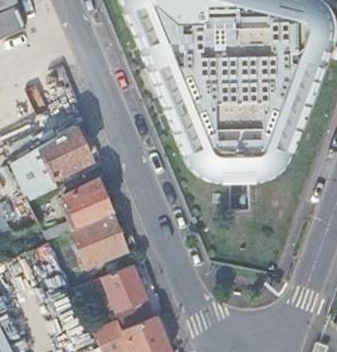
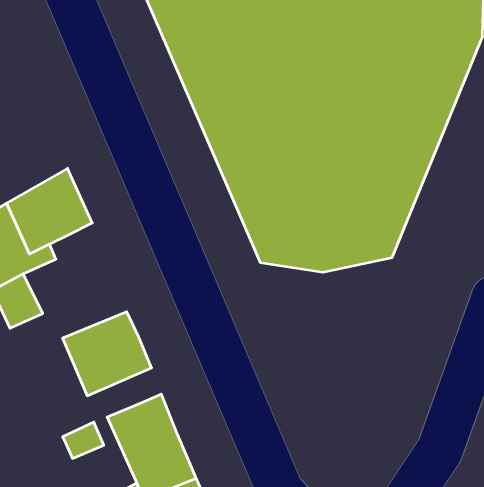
building: [59,179,111,228] -> none

